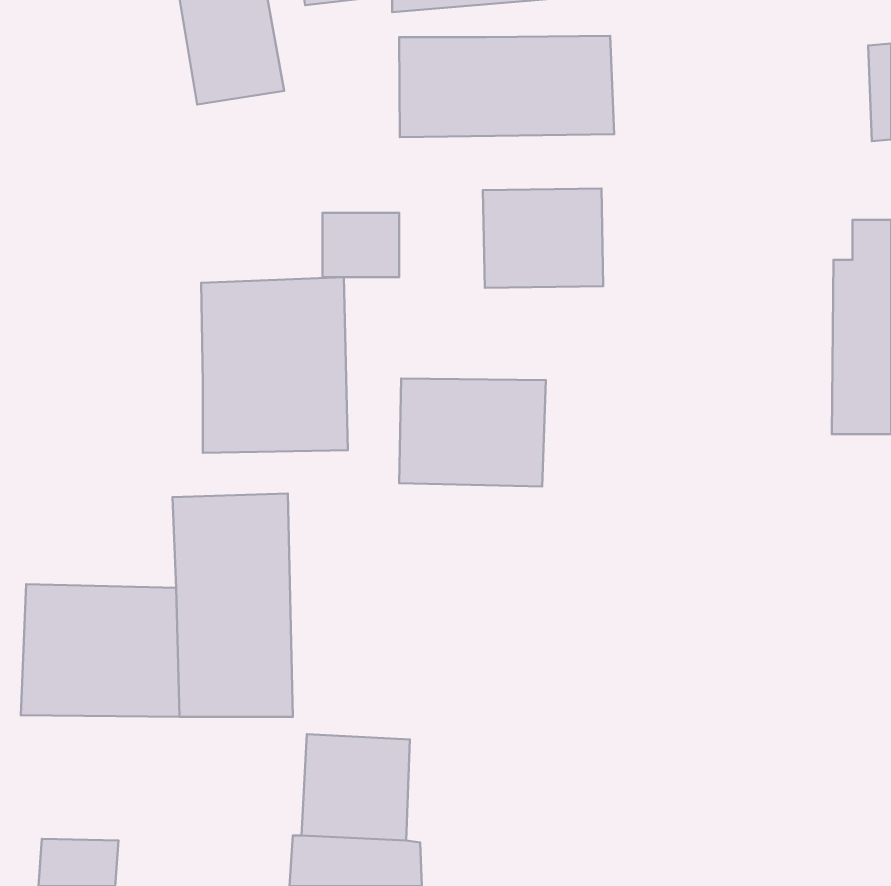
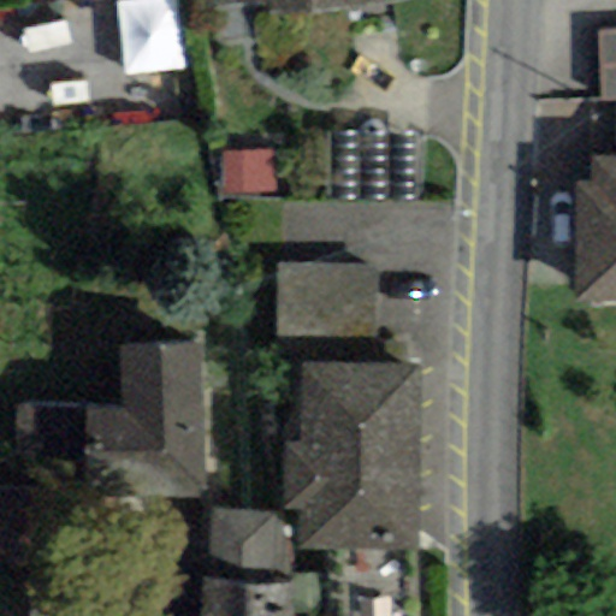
building: [399,36,614,137] -> none
building: [201,277,348,453] -> none
building: none -> [283,361,419,549]

